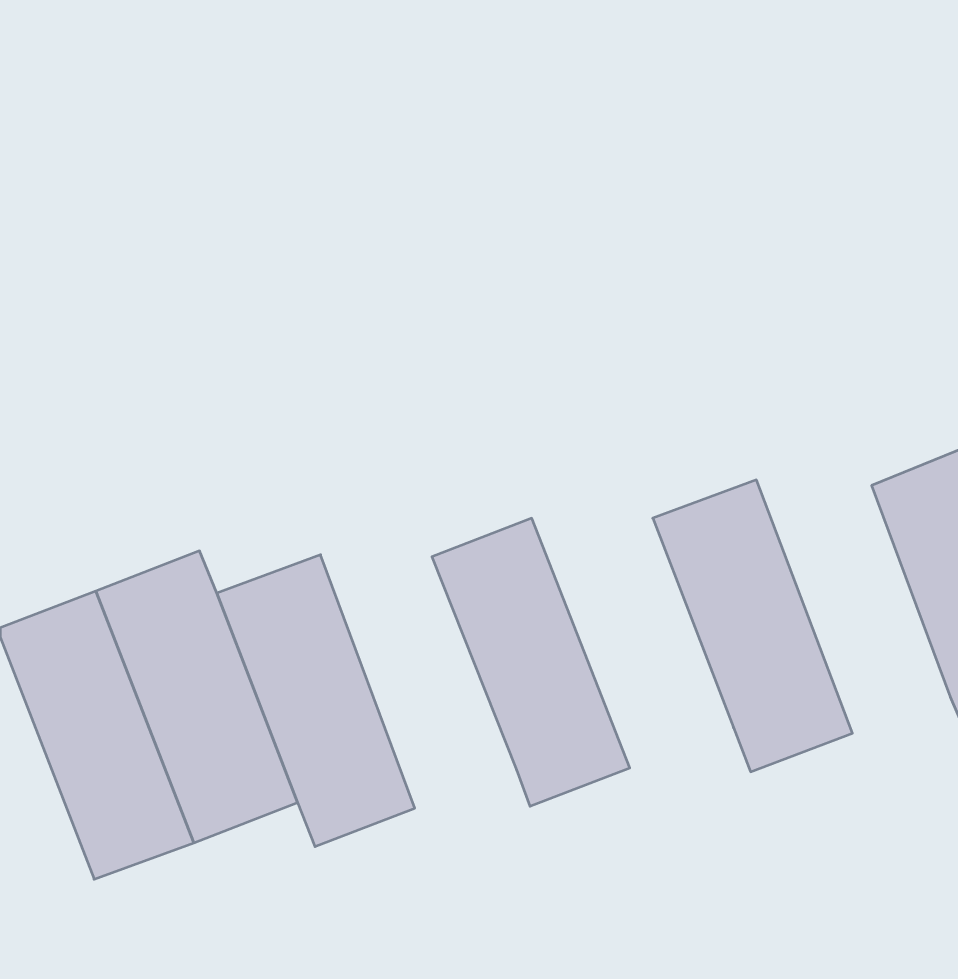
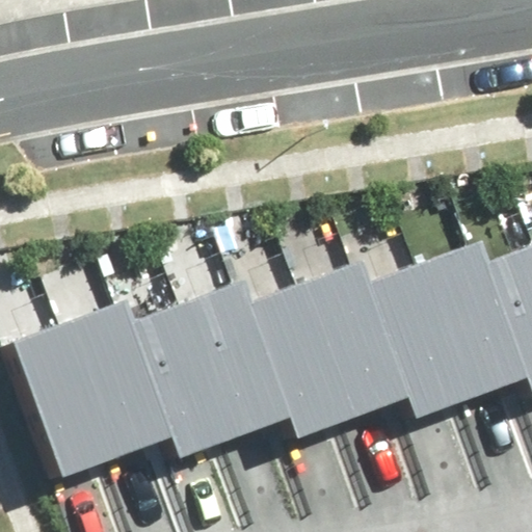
building: none -> [422,241,527,398]
building: none -> [300,260,409,417]
building: none -> [186,282,292,438]

